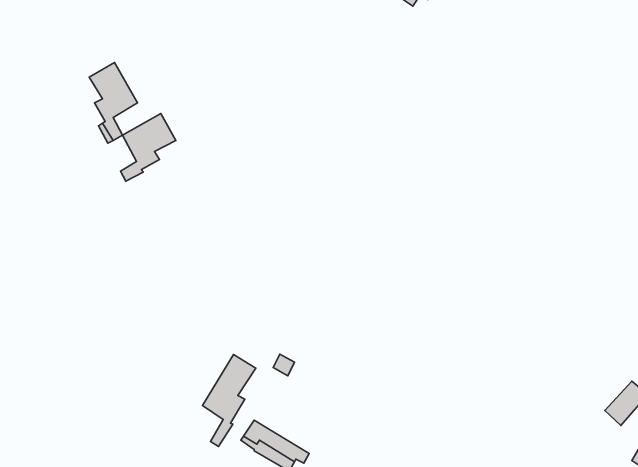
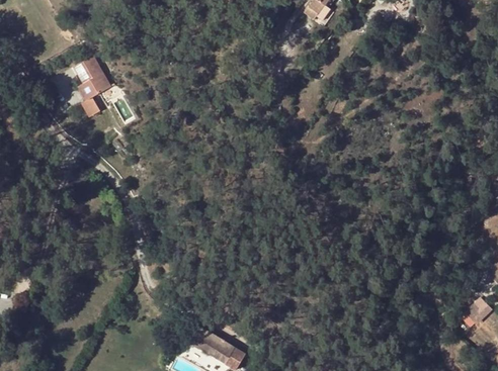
building: [120,113,176,181] -> none
building: [203,354,256,446] -> none

